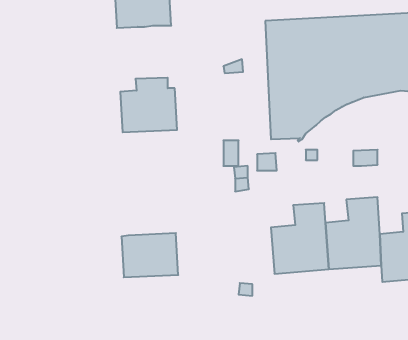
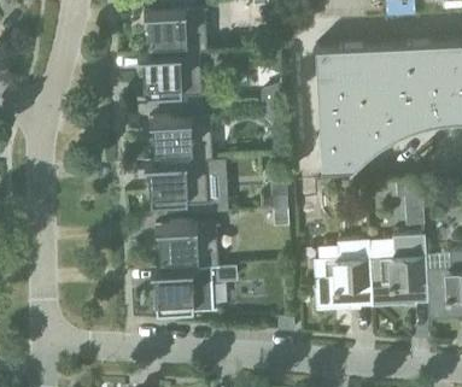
building: none -> [144,53,204,109]
building: none -> [150,160,227,207]
building: none -> [160,225,220,271]

